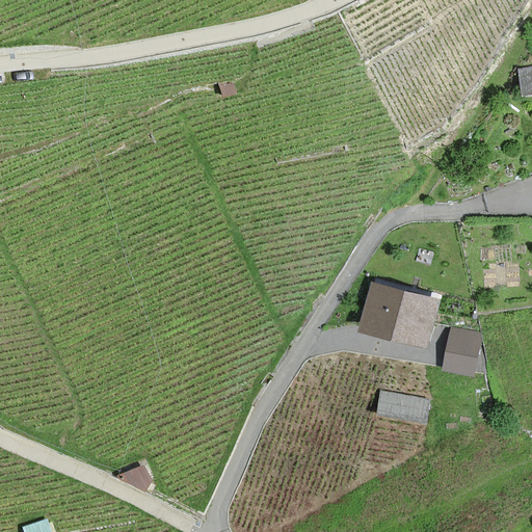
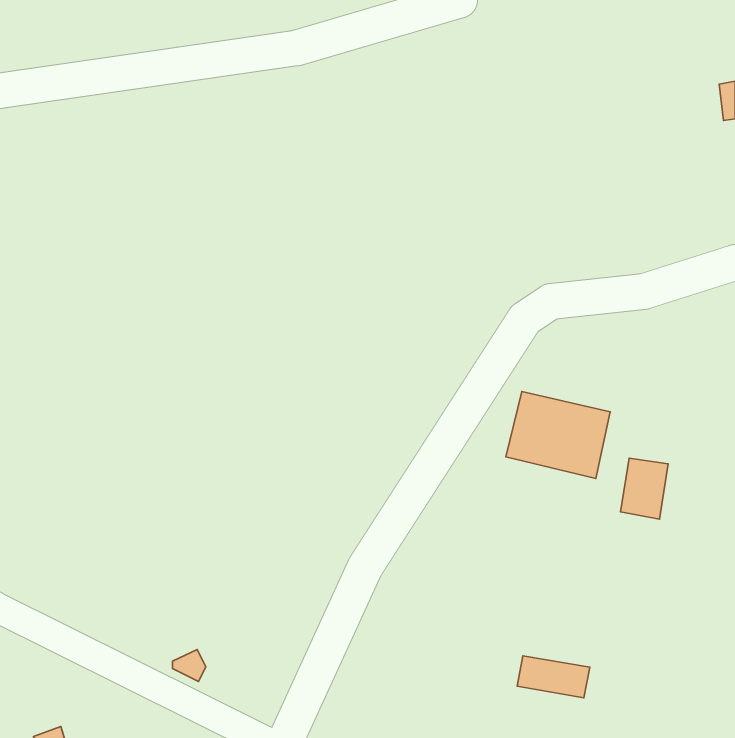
building: [375,393,427,423] -> [517,656,590,698]

